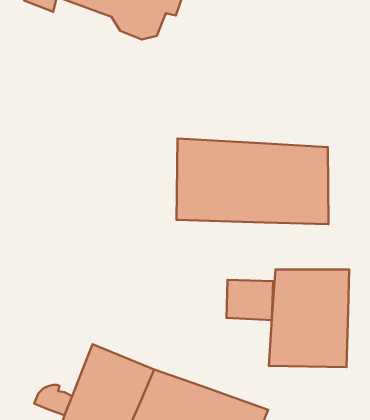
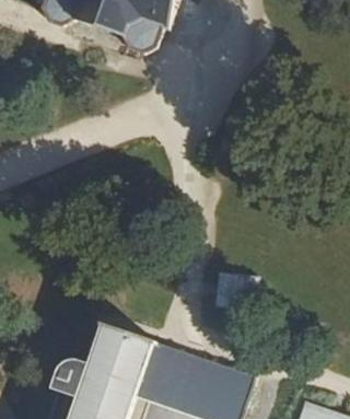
building: [177,139,329,224] -> none
building: [269,269,349,367] -> none

